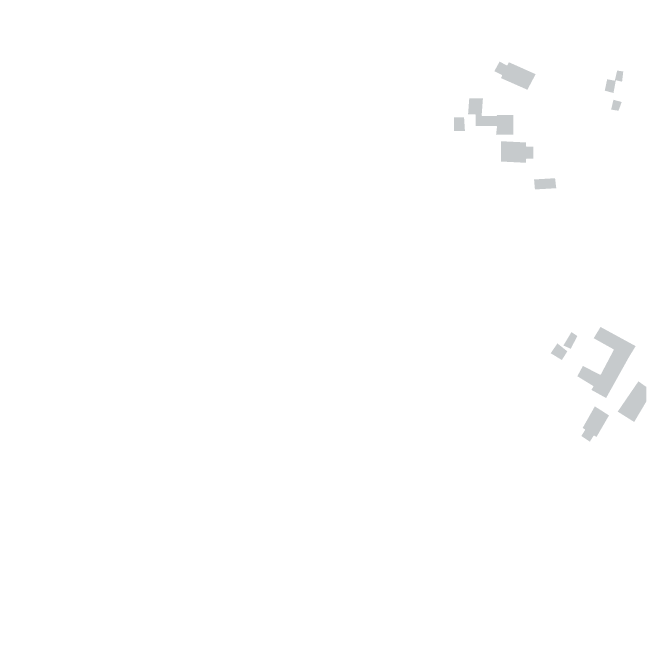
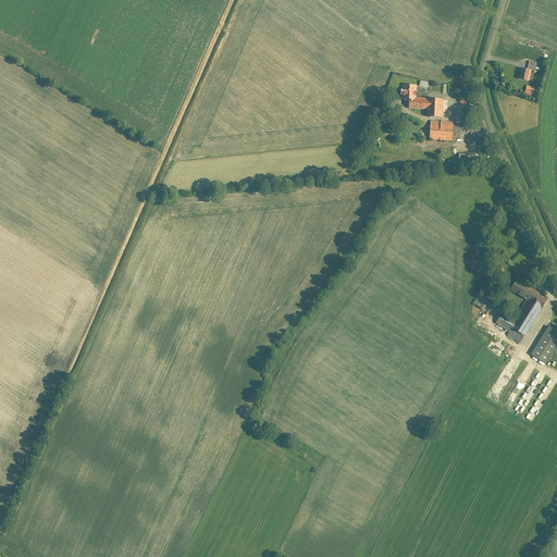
building: [493,61,537,91] -> none
building: [580,405,610,443] -> none

